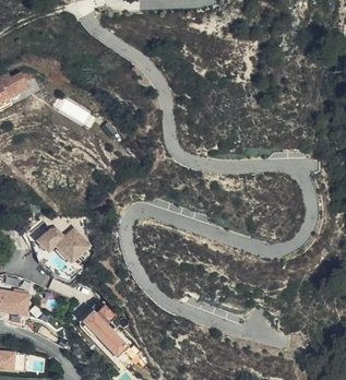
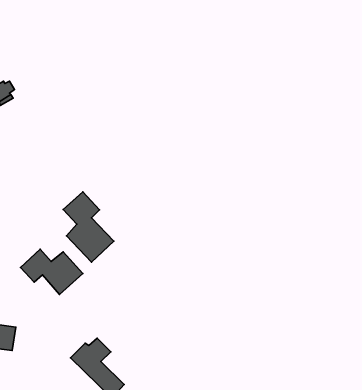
building: none -> [63,192,114,262]

